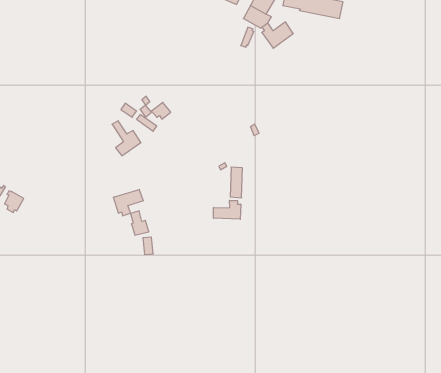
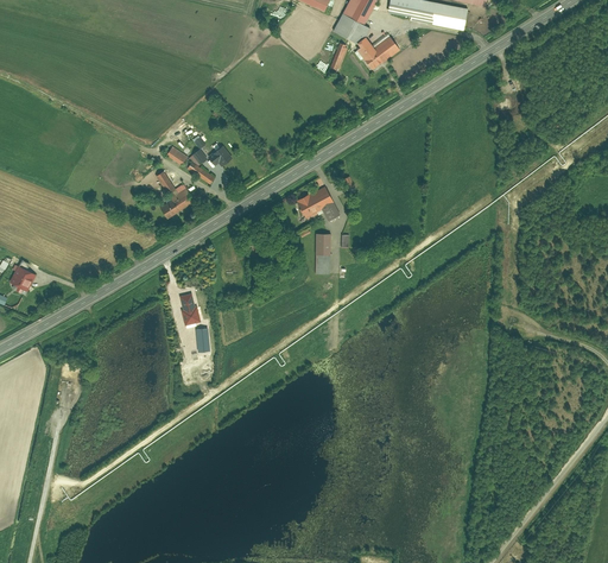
building: none -> [297,185,340,219]
building: [114,189,143,216] -> none
building: [214,200,241,219] -> none

